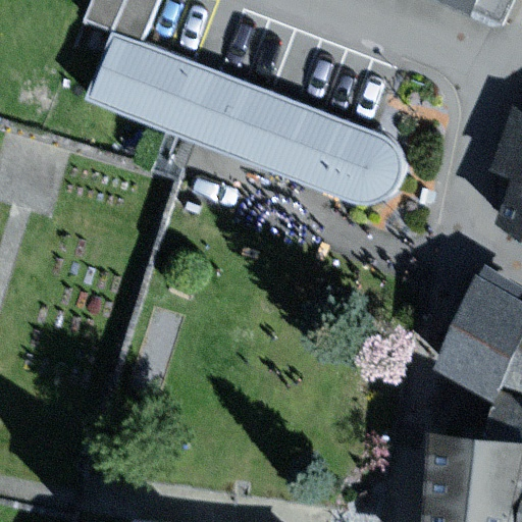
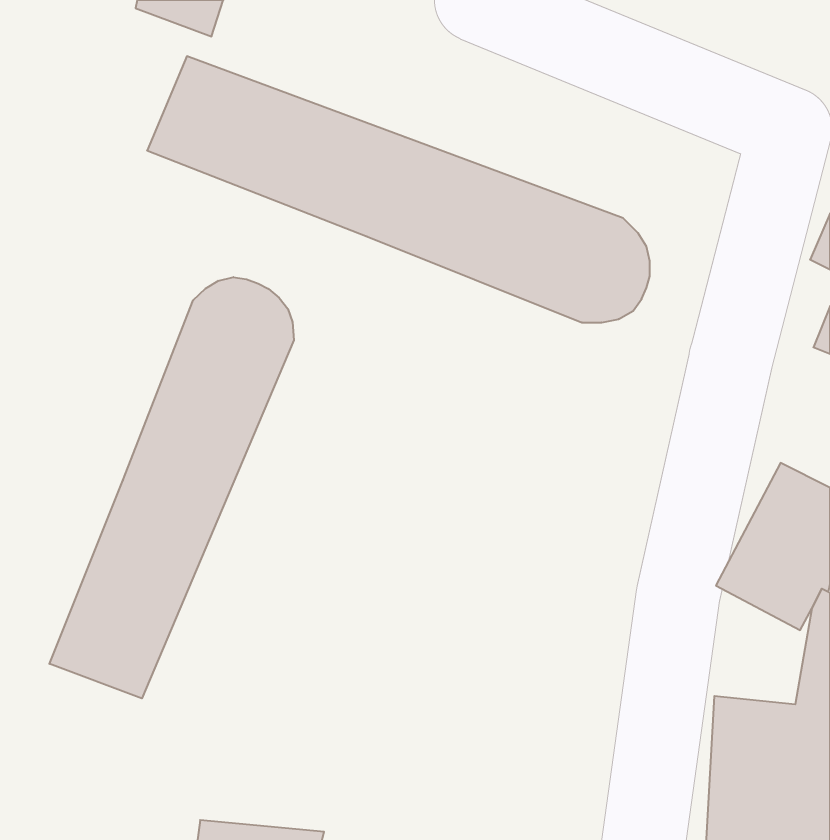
building: none -> [49,277,294,698]

